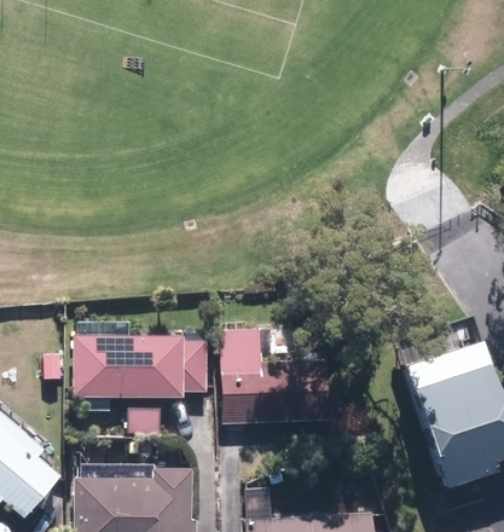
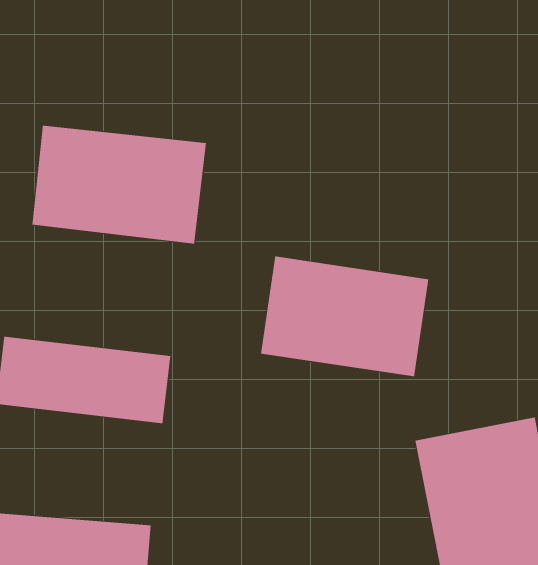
building: none -> [32,125,206,245]
building: [215,342,337,423] -> [260,256,429,377]

